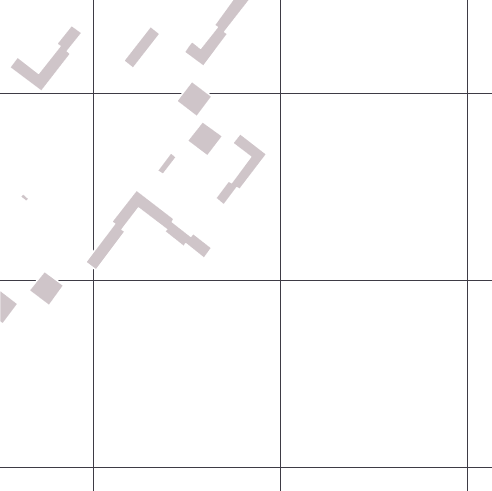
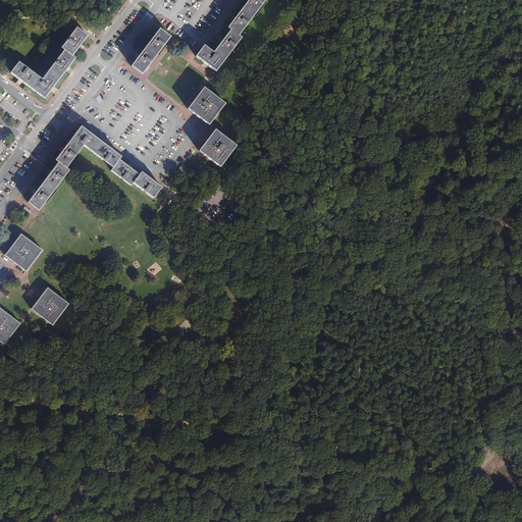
building: [215,134,267,205] -> none
building: [86,190,212,270] -> [27,124,160,209]
building: none -> [4,232,41,269]

